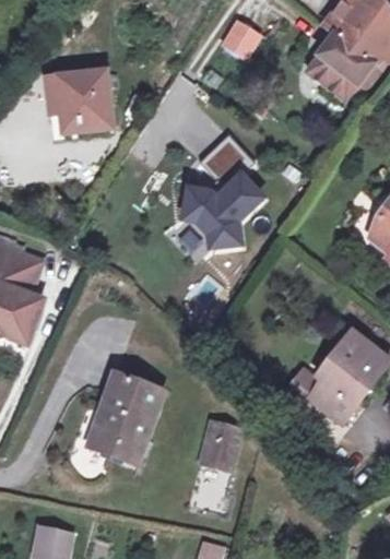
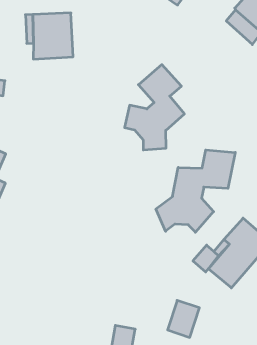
building: none -> [156,150,235,232]
building: [87,372,162,463] -> none
building: [200,420,239,467] -> [168,300,199,337]

